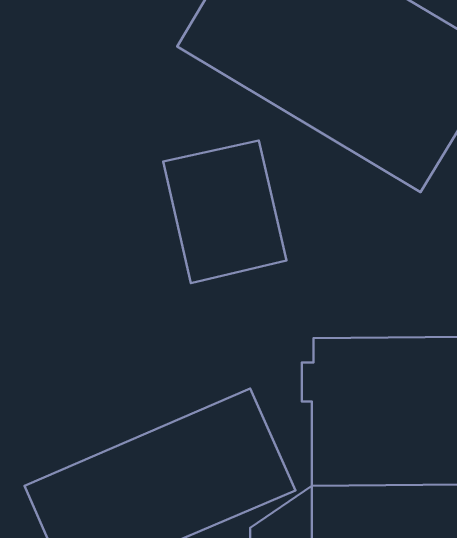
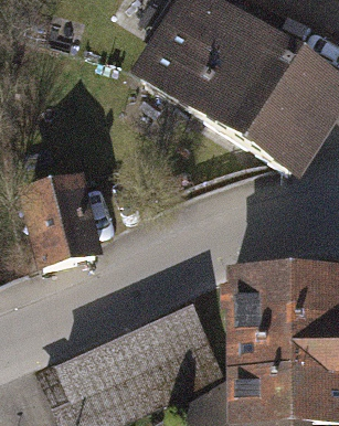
building: [163,140,286,283] -> [22,174,106,271]

